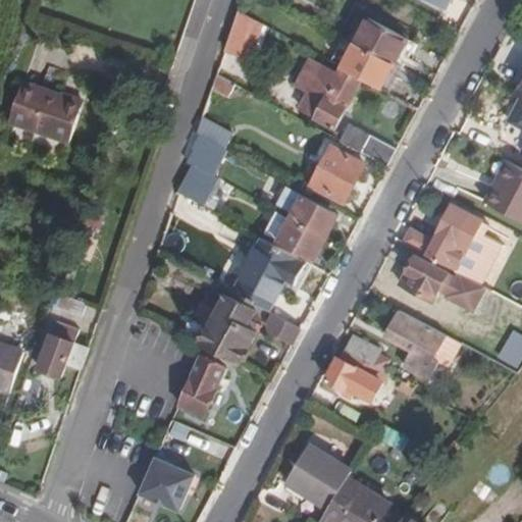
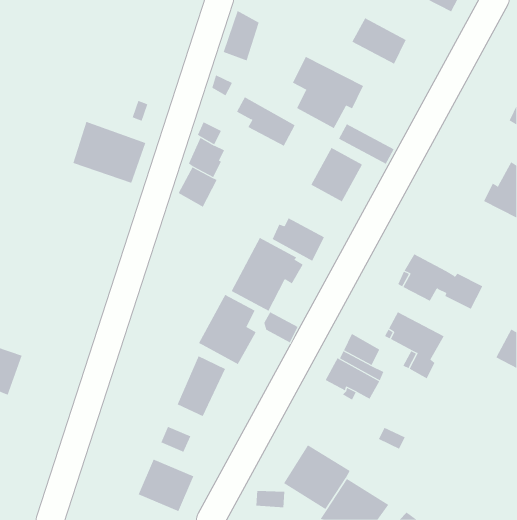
building: [338,42,394,89] -> none
building: [11,82,85,144] -> [73,121,146,184]
building: [276,187,335,237] -> [236,97,295,147]
building: [401,204,476,271] -> none
building: [34,320,81,375] -> none

